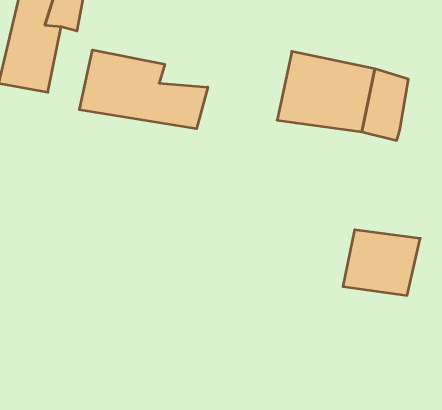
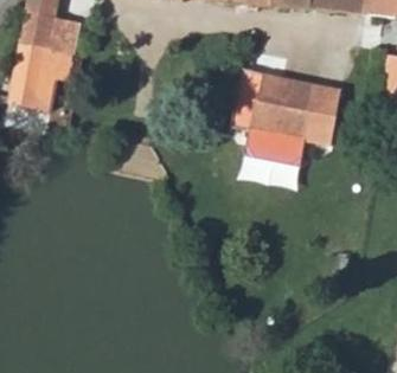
building: [79,50,208,129] -> none
building: [343,230,420,295] -> [249,129,312,182]

